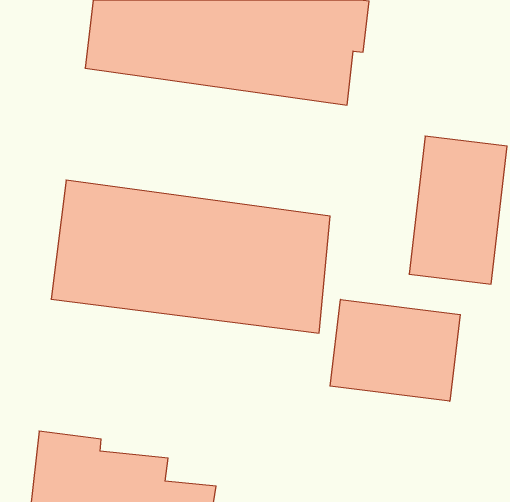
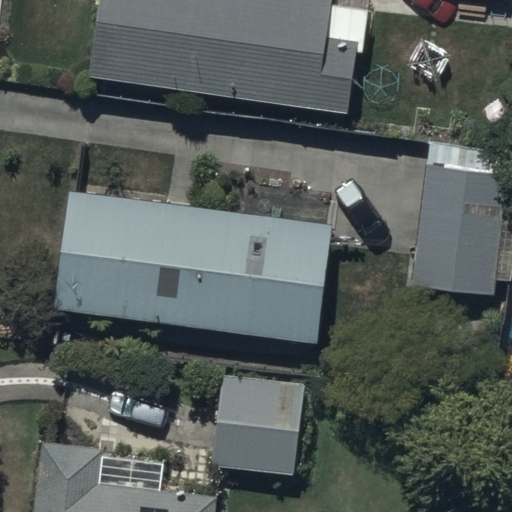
building: [330,299,460,401] -> none
building: none -> [212,375,306,477]

